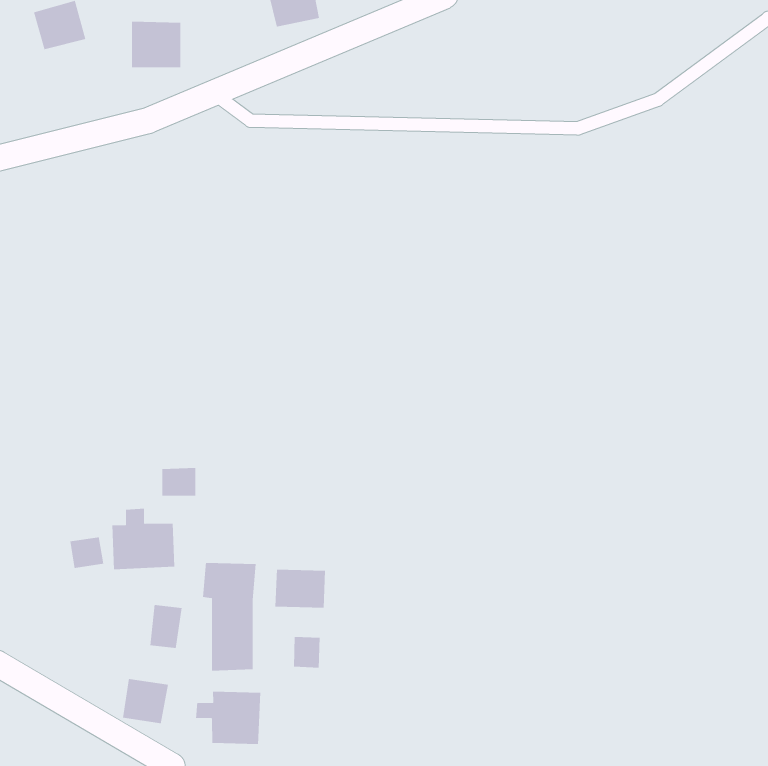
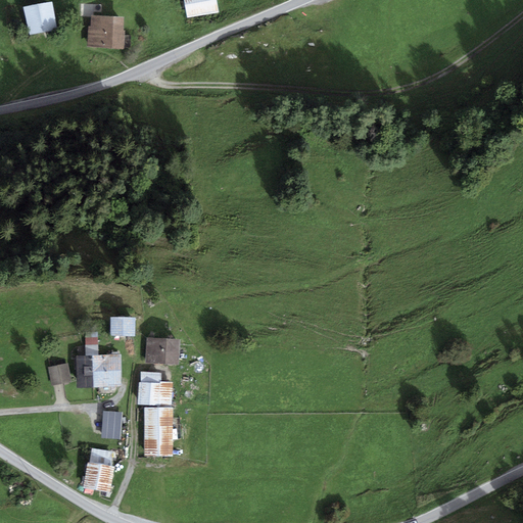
building: [275,569,326,608] -> [144,337,179,364]
building: [293,636,320,668] -> none
building: [195,691,261,745] -> none

